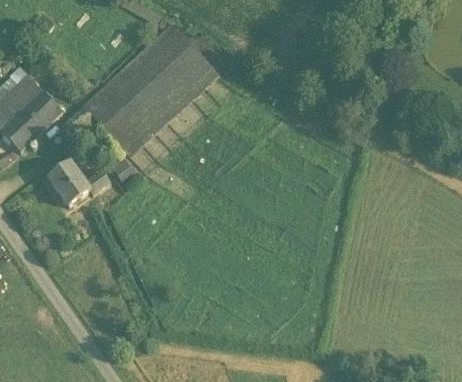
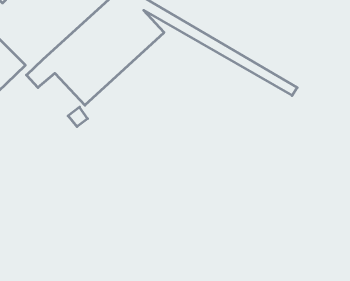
building: [49,162,111,205] -> none

